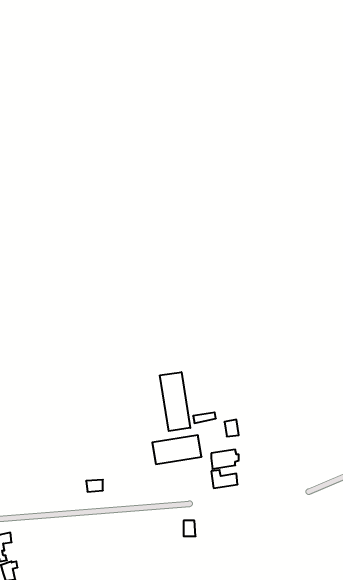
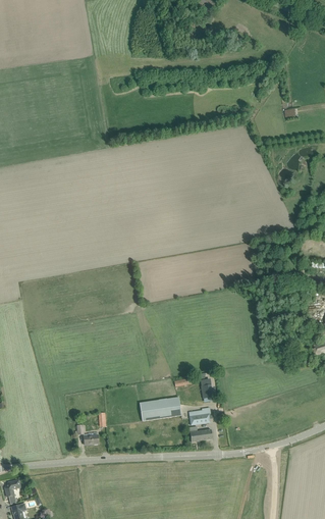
building: [160,372,190,431] -> none

